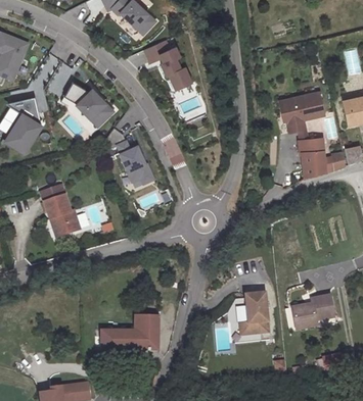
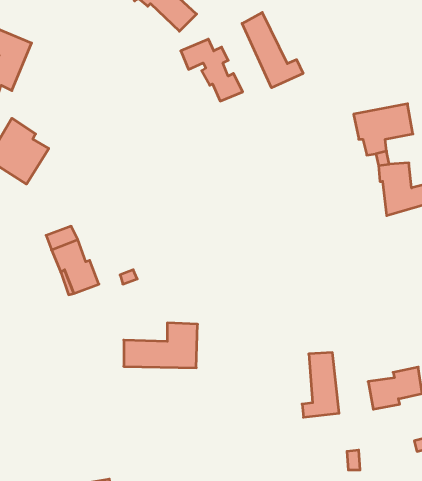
building: none -> [242,12,303,88]
building: [64,83,114,127] -> none
building: [104,130,153,184] -> none
building: [102,315,160,350] -> [124,323,198,368]

